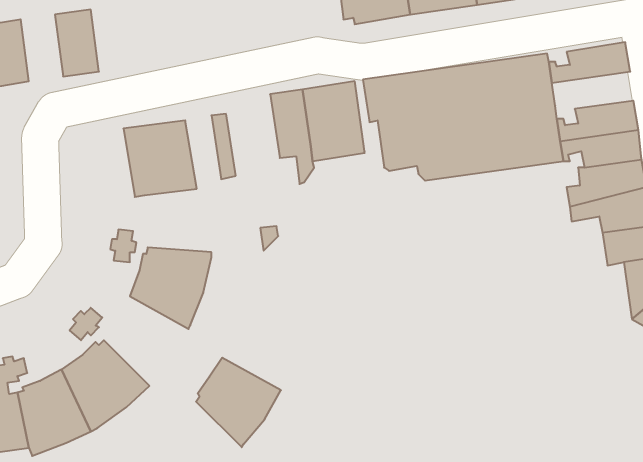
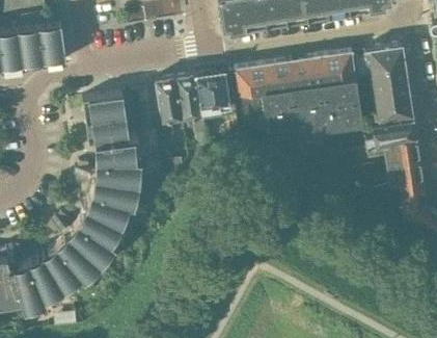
building: none -> [19,27,46,70]
building: none -> [357,63,409,87]
building: none -> [158,78,184,137]
building: none -> [98,136,142,179]
building: [196,358,281,447] -> [72,207,126,264]

